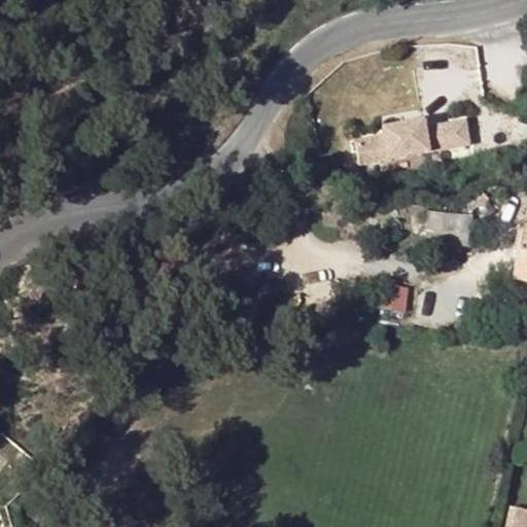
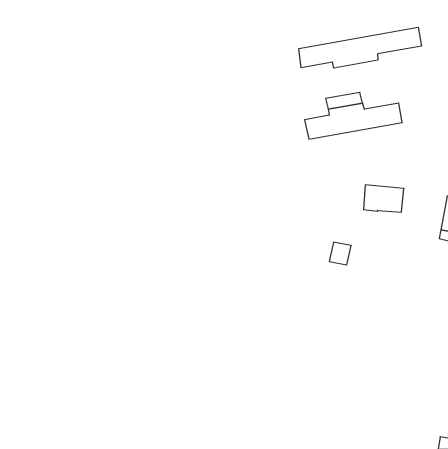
building: none -> [299,27,421,68]

